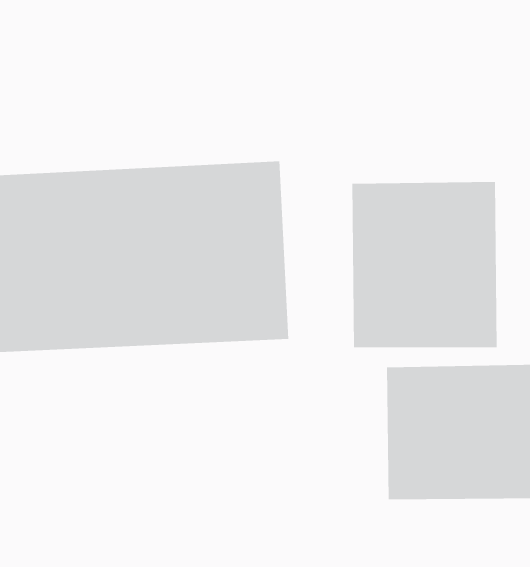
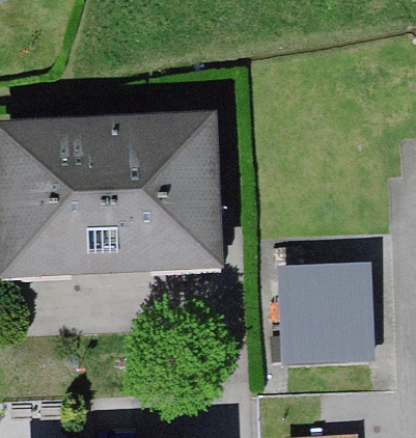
building: [352,181,497,348] -> none

